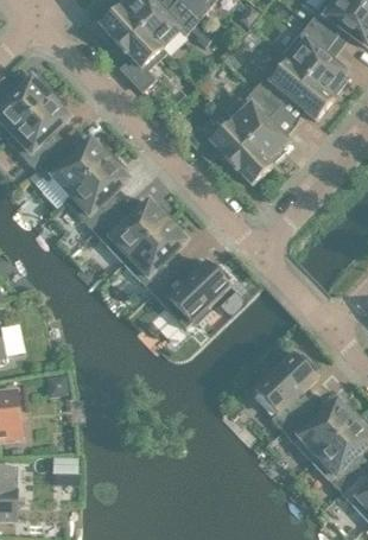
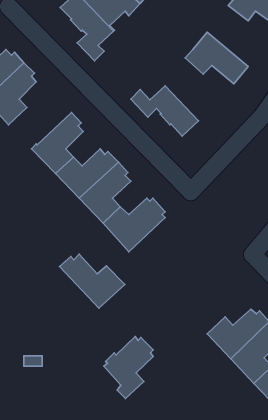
building: [283,21,347,97] -> none
building: [230,87,288,165] -> none
building: [36,138,114,195] -> none
building: none -> [60,254,125,308]
building: [255,352,317,430] -> [104,337,153,399]

